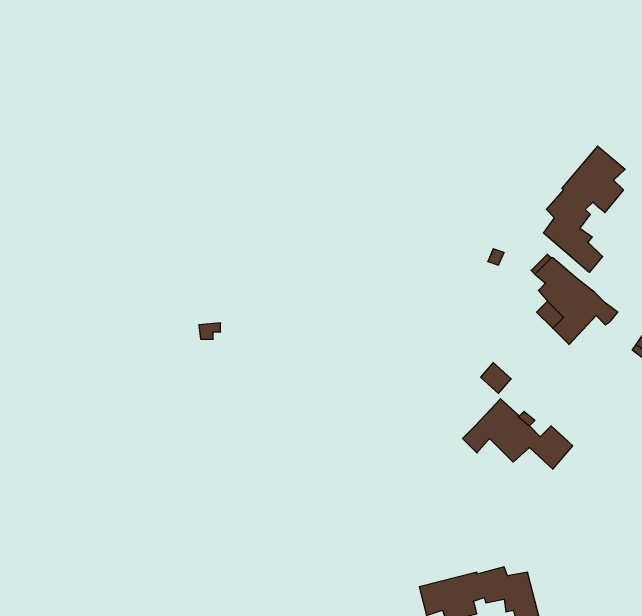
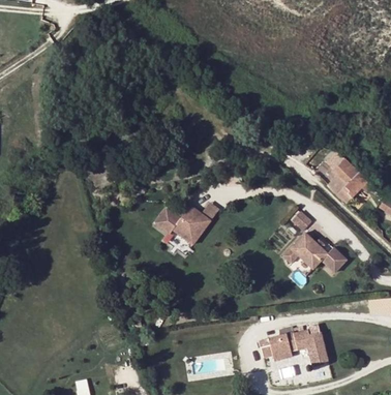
building: [543,146,625,272] -> none
building: none -> [155,208,212,248]

